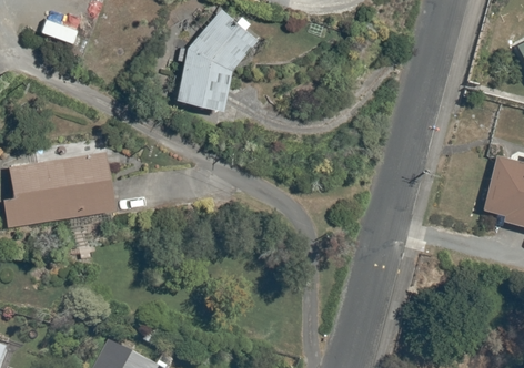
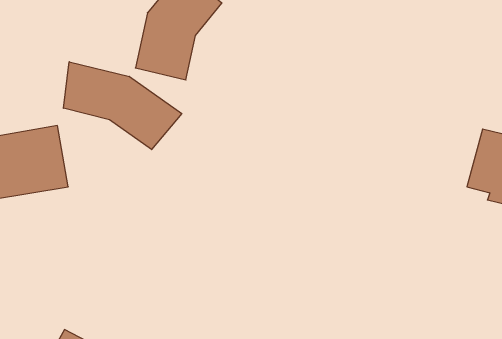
building: none -> [63,62,182,150]

